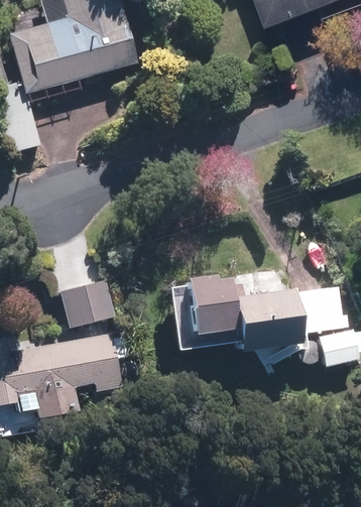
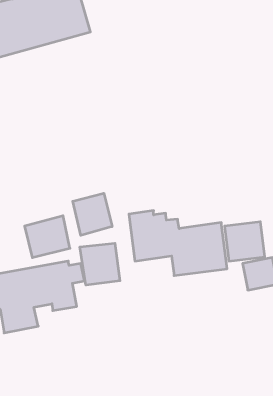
building: none -> [73,193,112,235]
building: none -> [80,243,120,285]

